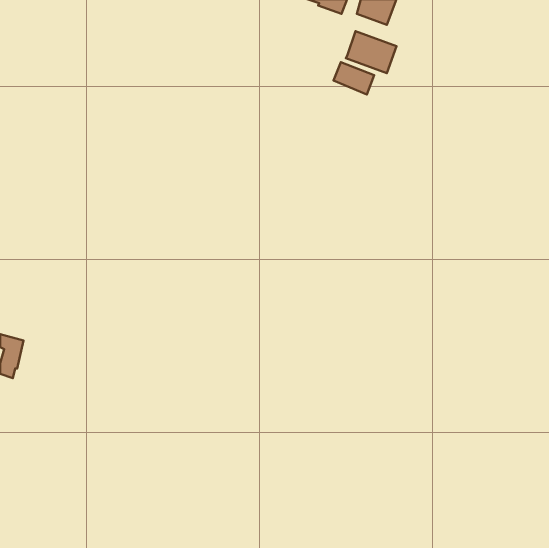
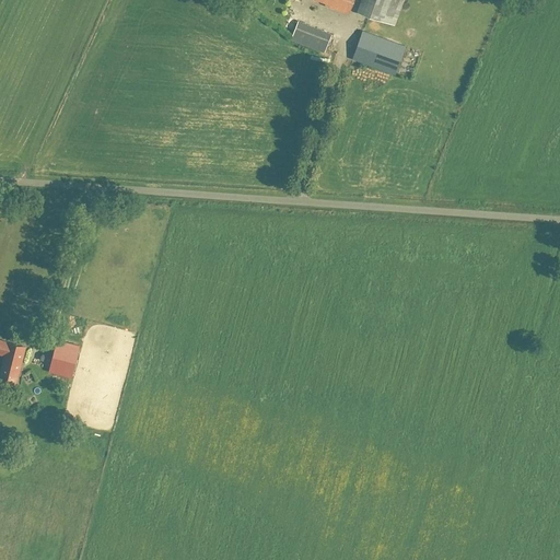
building: [333,62,374,94] -> [290,21,331,54]
building: none -> [49,340,79,377]

